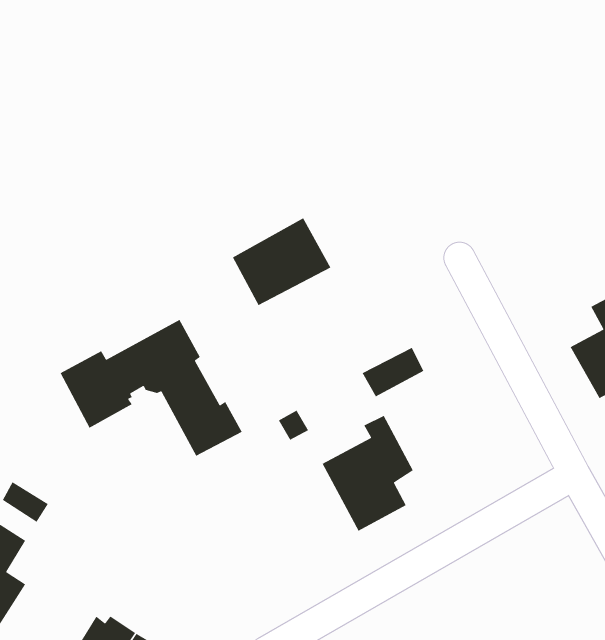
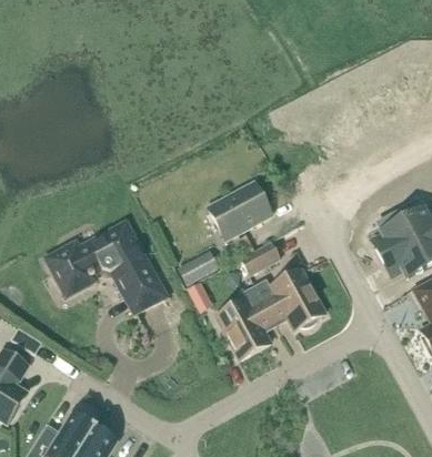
building: [232,217,331,306] -> [209,181,272,237]
building: none -> [180,251,219,283]
building: none -> [255,268,324,328]

